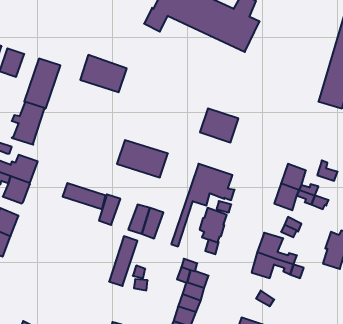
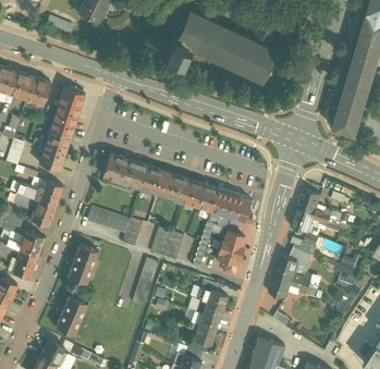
building: [80,55,127,92] -> [102,153,147,189]
building: [200,108,238,142] -> [181,180,218,212]
building: none -> [68,246,98,284]
building: none -> [56,296,88,336]

